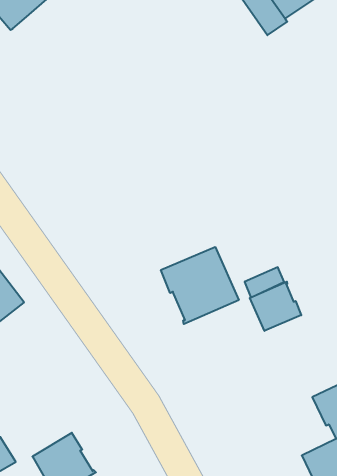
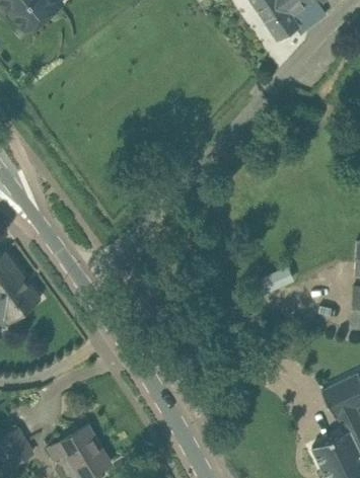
building: [161,247,239,324] -> none
building: [250,282,301,331] -> none

